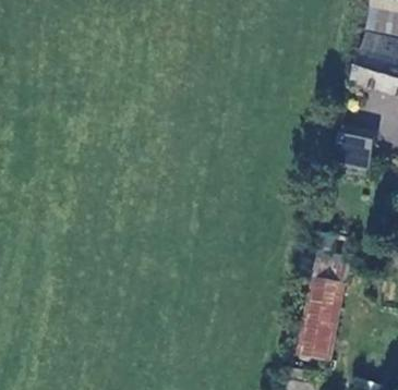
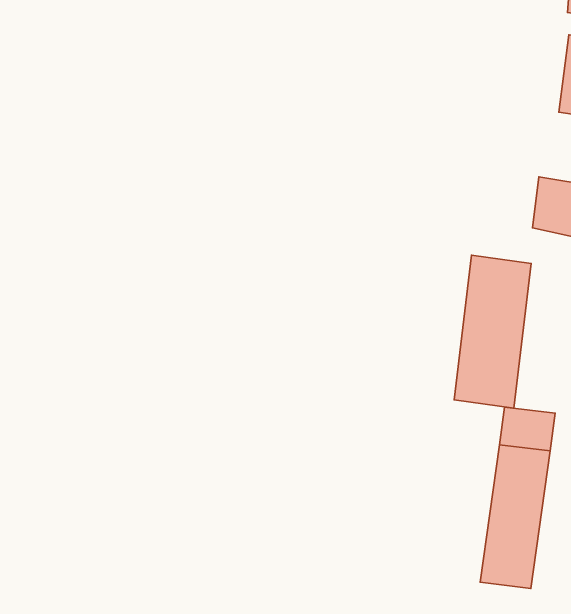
building: none -> [454,255,531,408]

